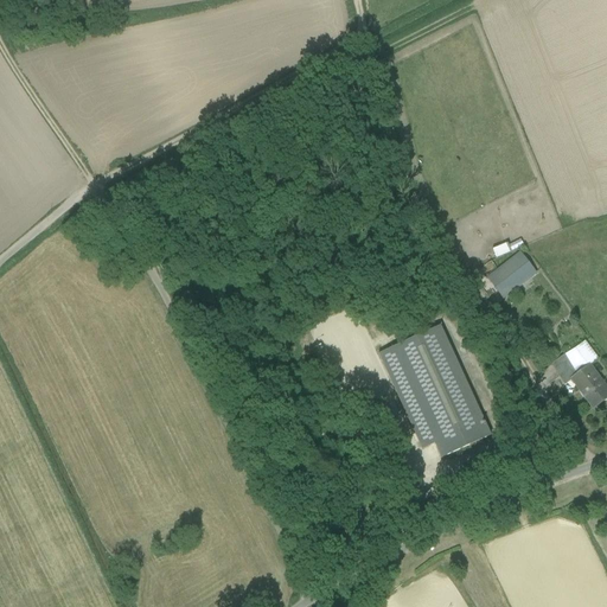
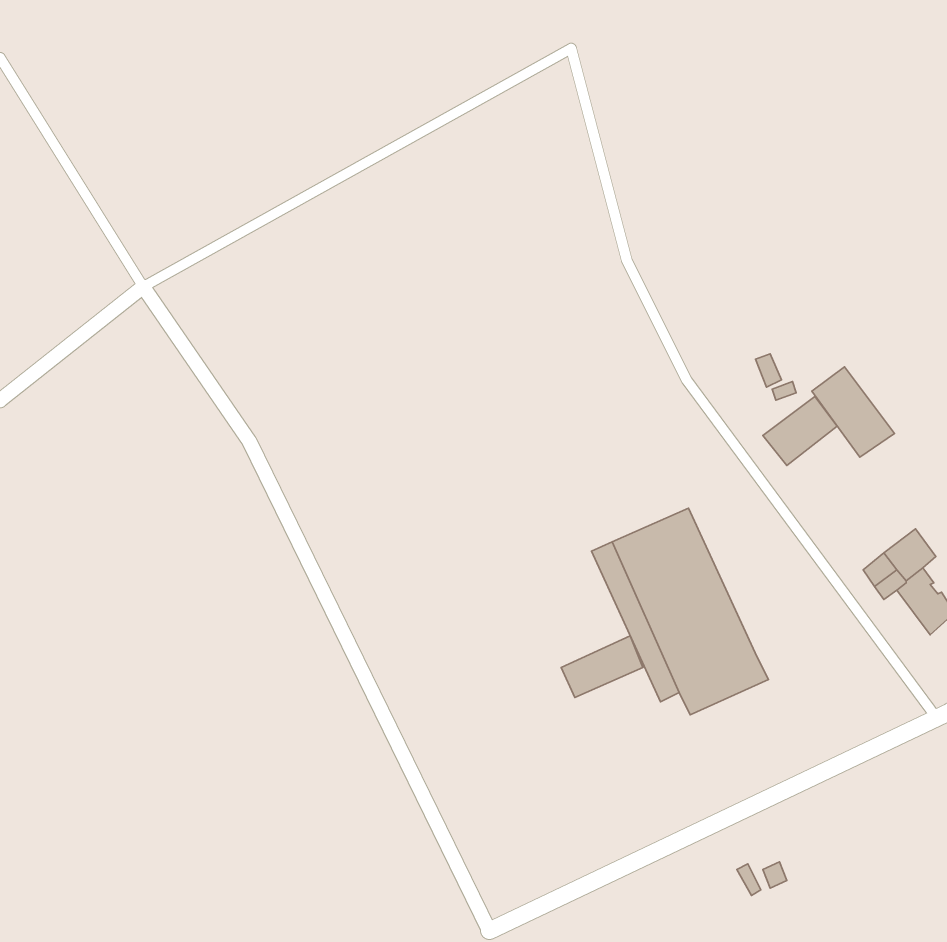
building: none -> [812,367,895,457]
building: none -> [561,636,643,698]

